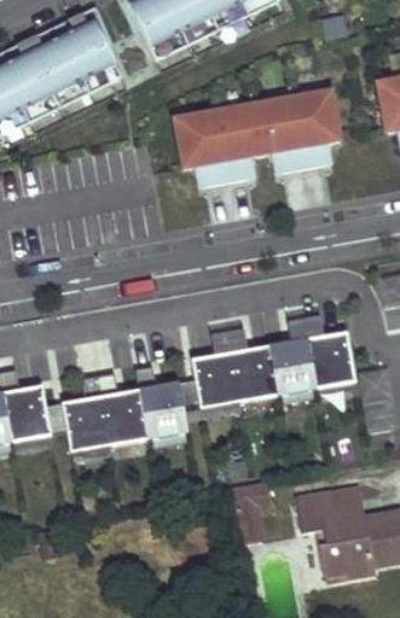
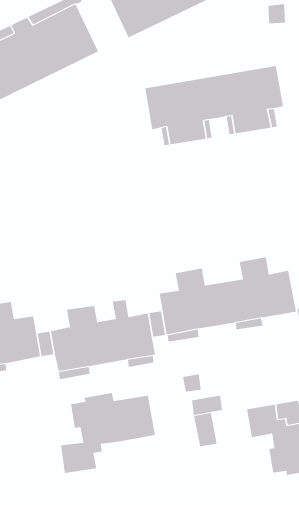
building: none -> [60,392,156,474]

